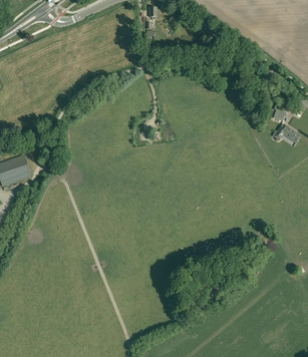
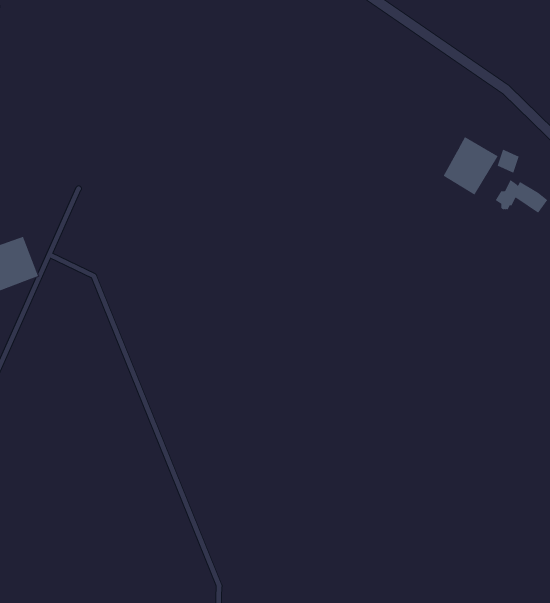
building: none -> [443,136,498,195]

